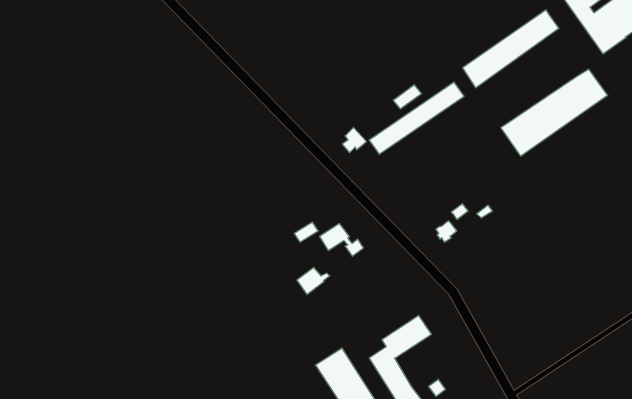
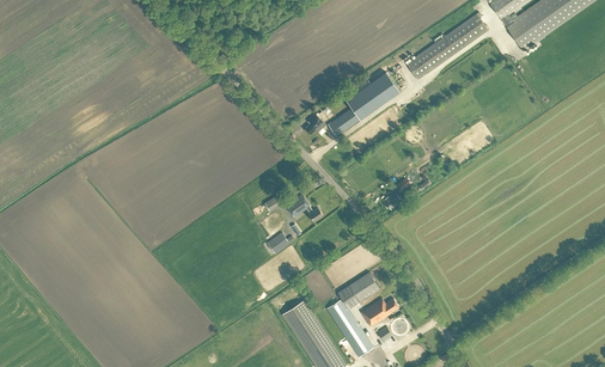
building: [501,69,608,156] -> none
building: none -> [360,296,398,325]

